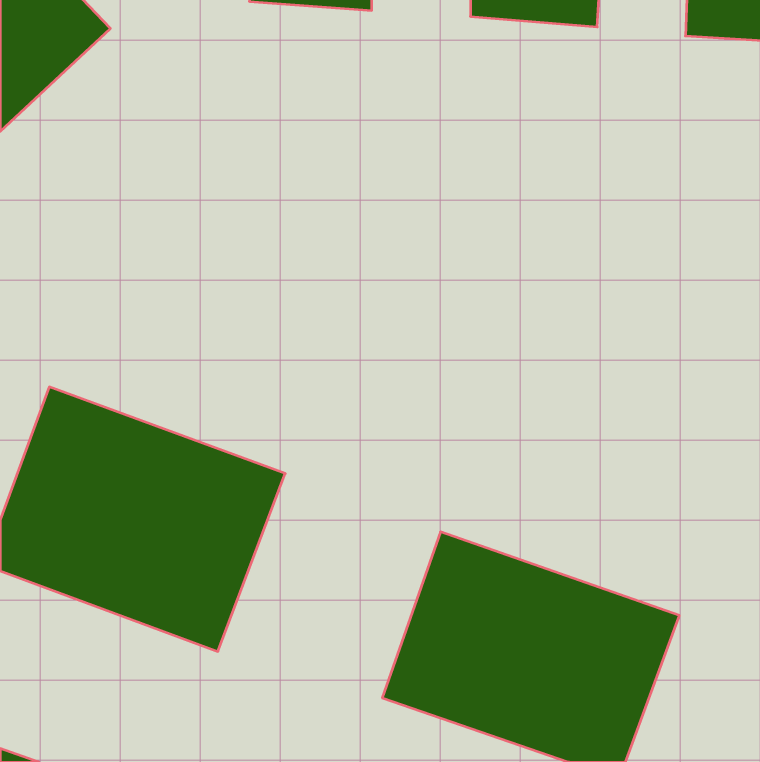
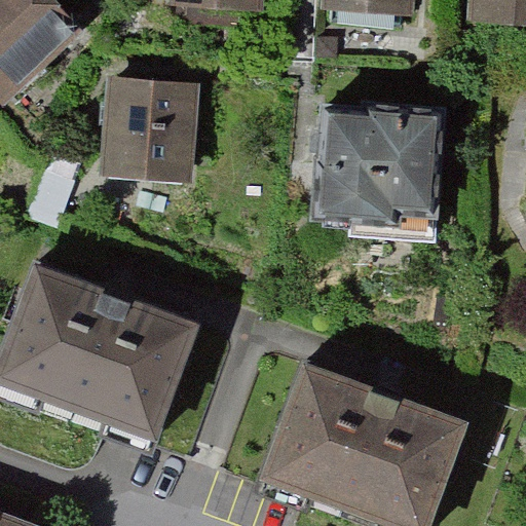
building: none -> [104,77,198,184]
building: none -> [304,99,442,226]

